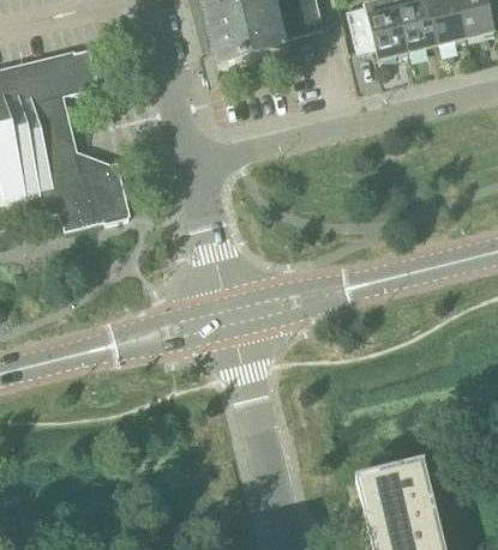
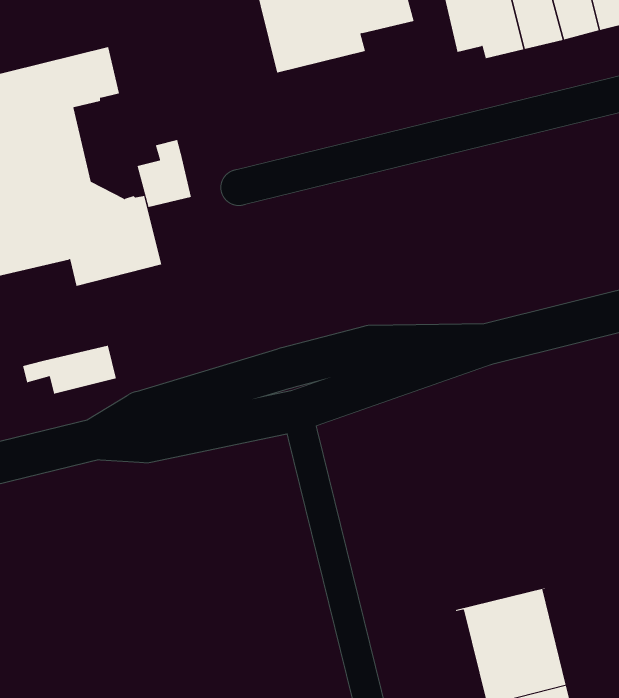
building: none -> [137,139,191,208]
building: none -> [22,345,116,395]

